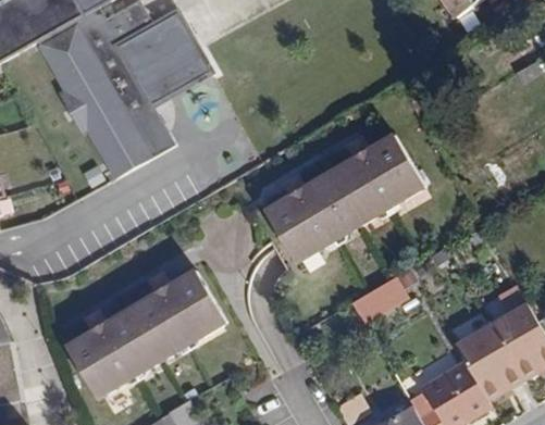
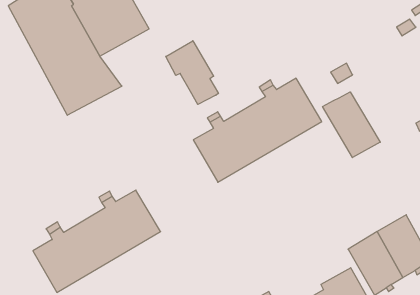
building: none -> [166,41,218,104]
building: none -> [323,92,380,158]
building: [349,275,406,322] -> none

